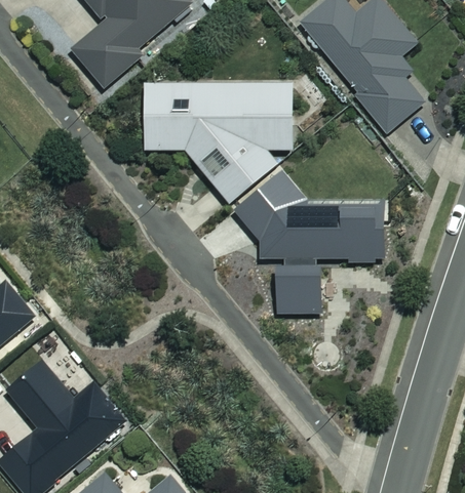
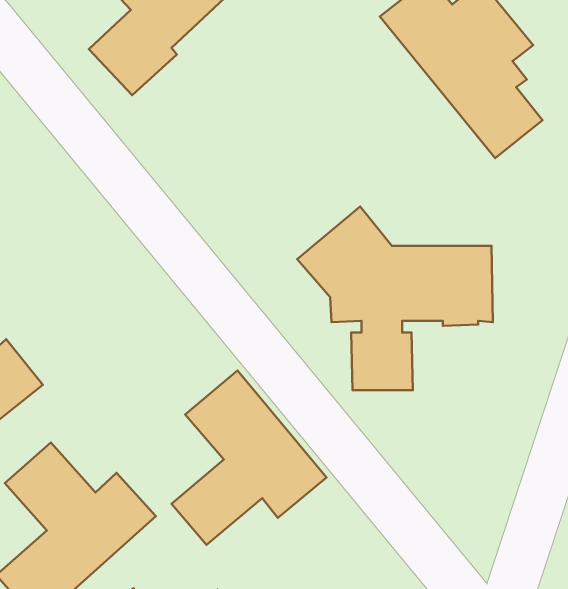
building: [143,86,295,207] -> none
building: none -> [172,370,327,545]

